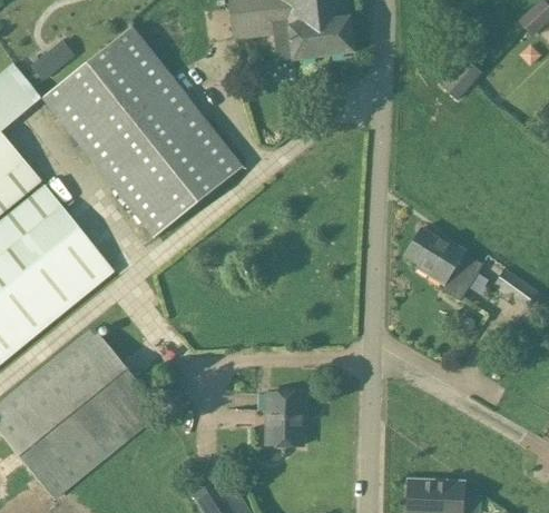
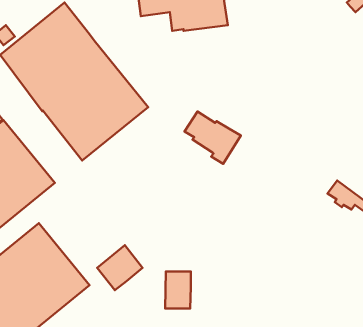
building: [441,58,481,100] -> none
building: [404,227,482,299] -> [184,111,241,164]
building: none -> [97,245,143,290]

